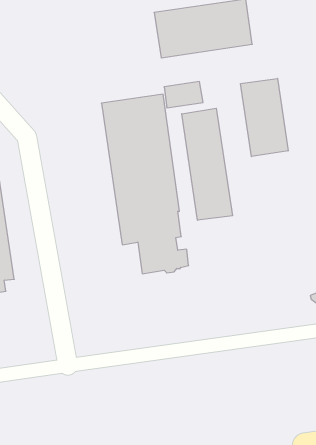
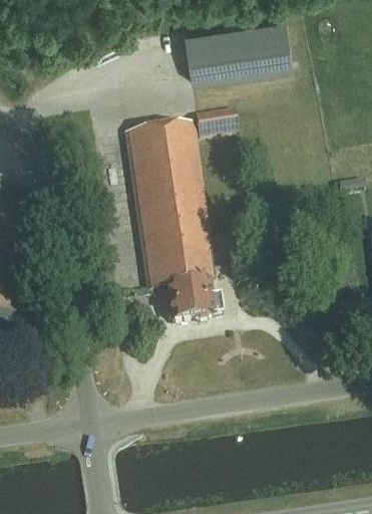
building: [241,78,288,157] -> none
building: [182,108,232,220] -> none

